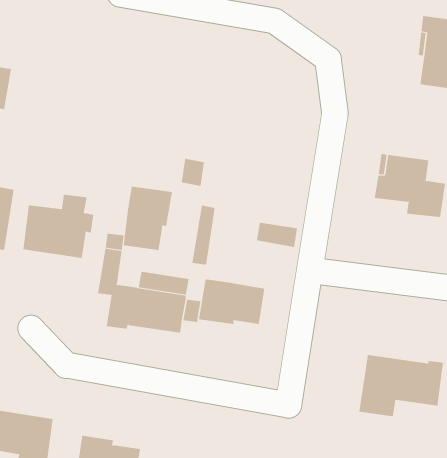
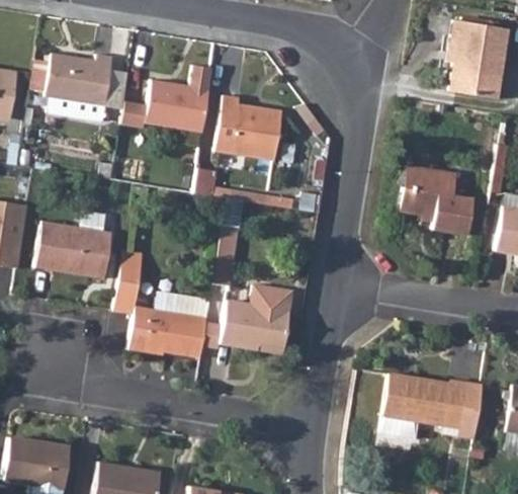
building: none -> [52,58,121,122]
building: none -> [127,71,219,138]
building: none -> [223,100,290,165]
building: [123,186,172,251] -> none
building: [256,222,298,247] -> [247,280,290,307]

